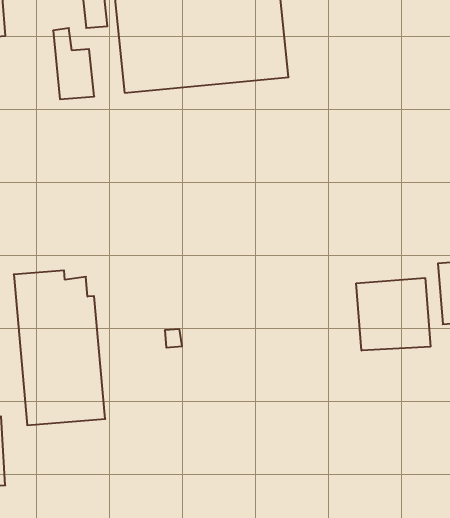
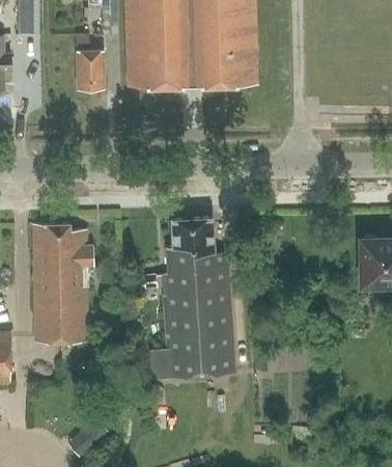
building: none -> [150,218,234,380]
building: [356,278,430,351] -> none

